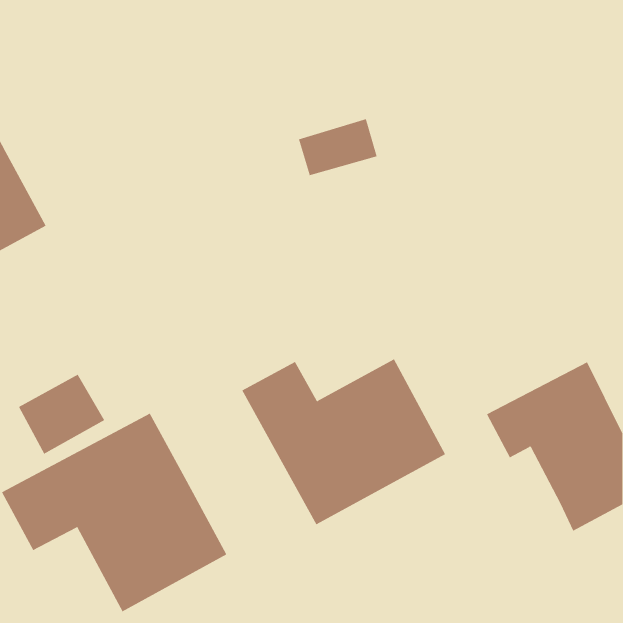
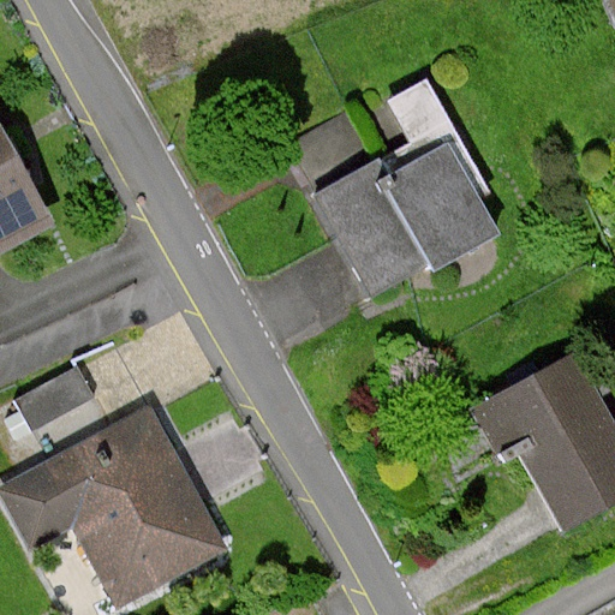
building: none -> [312,149,492,298]
building: [241,358,446,525] -> none

